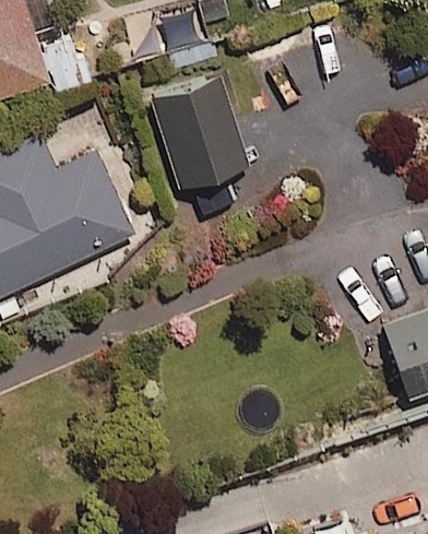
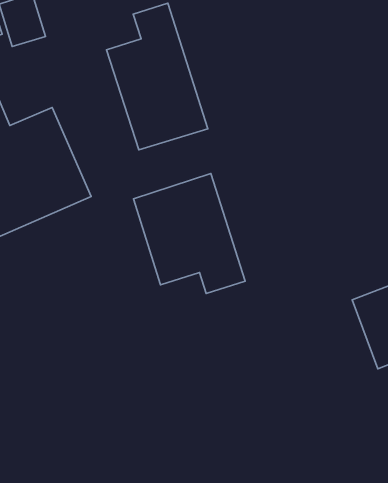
building: none -> [133,173,245,294]

